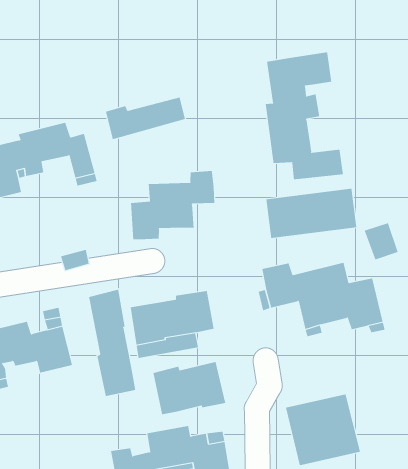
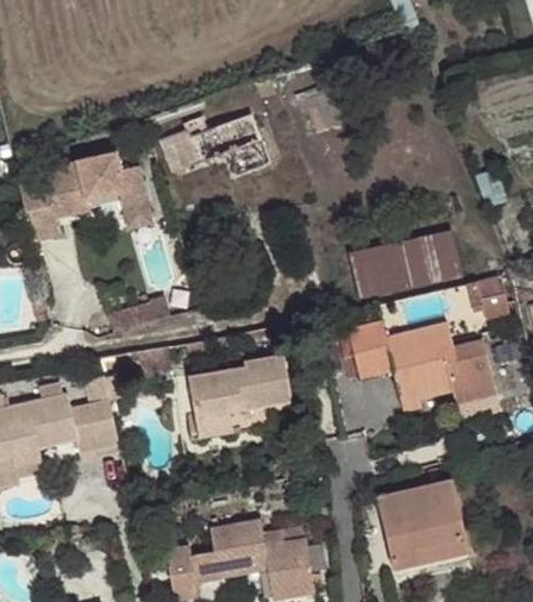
building: [265,51,343,180] -> none
building: [131,170,215,240] -> none
building: [89,289,136,397] -> none
building: [153,361,226,415] -> none

